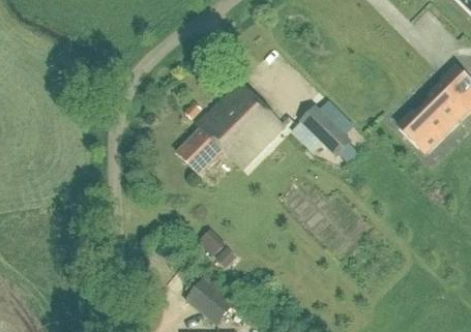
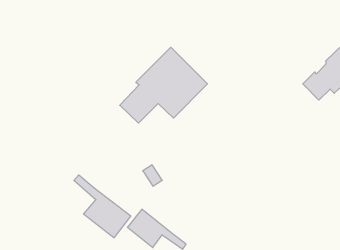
building: [300,107,350,155] -> none
building: none -> [74,175,131,238]

